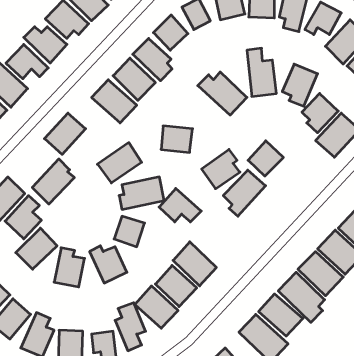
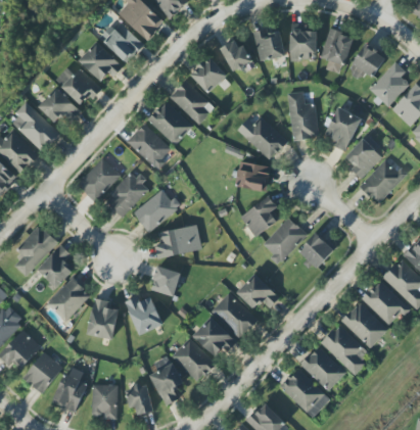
building: [161,126,193,152] -> [236,162,269,190]
building: [248,141,283,176] -> [298,231,335,268]
building: [32,159,74,204] -> [104,171,148,218]
building: [159,188,201,222] -> [236,274,280,308]

